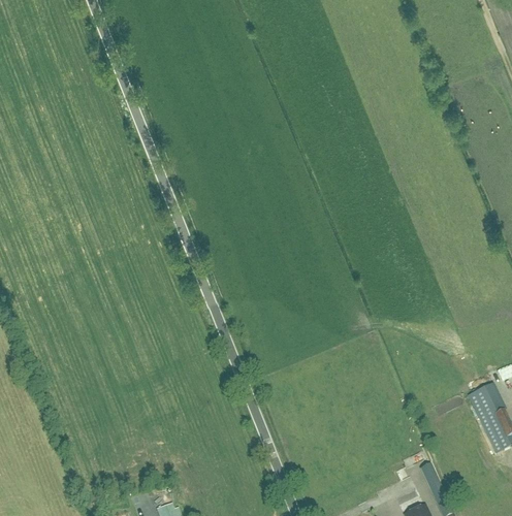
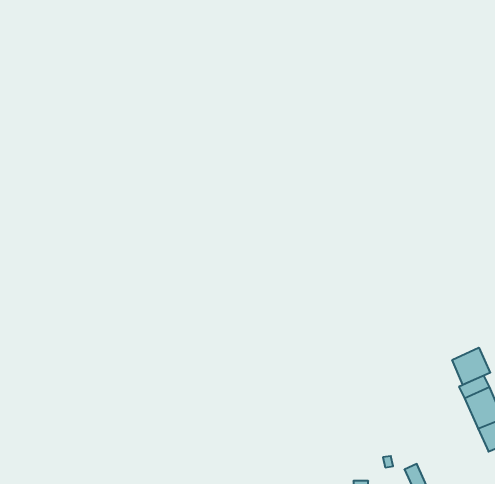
building: none -> [452,348,490,385]

